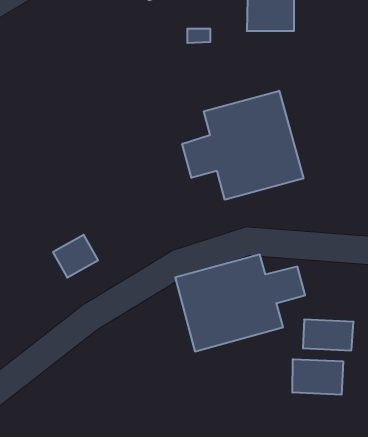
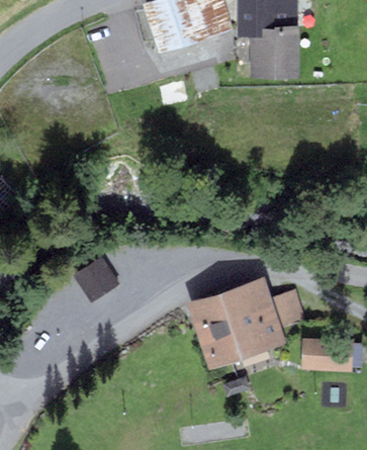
building: [182,91,303,200] -> none
building: [292,359,343,395] -> none

